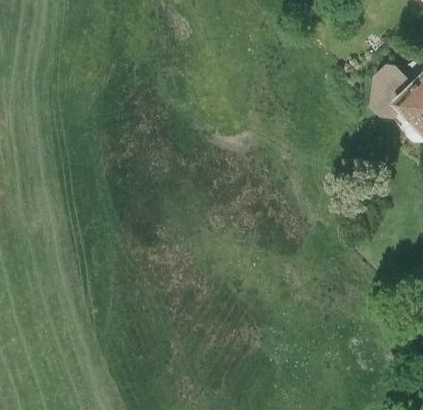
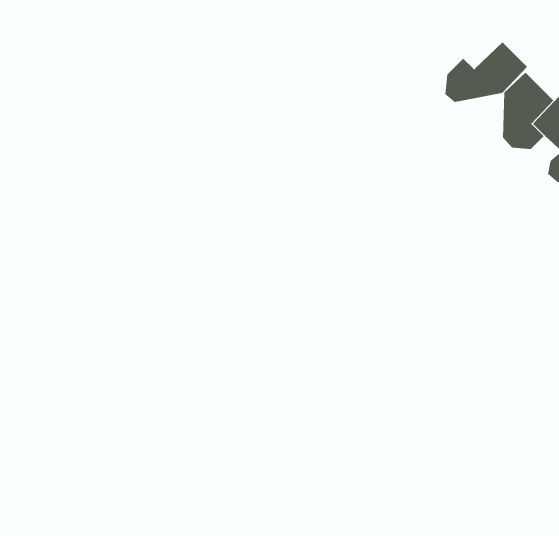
building: none -> [445,41,528,103]

